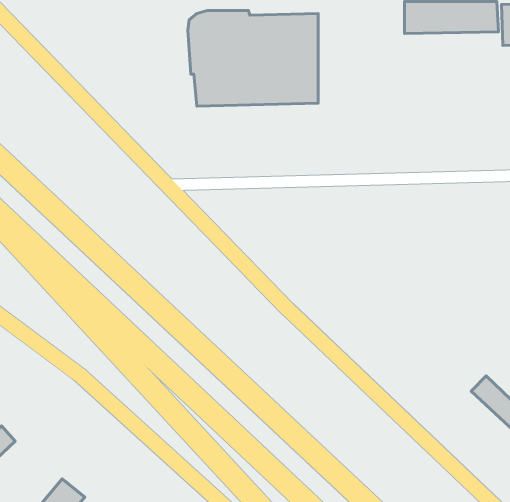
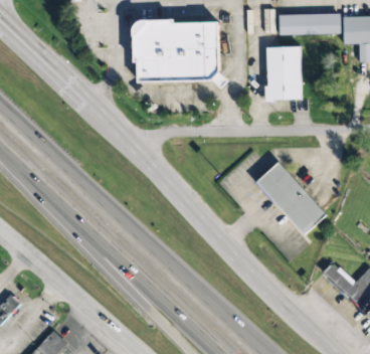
building: none -> [265,45,301,100]
building: none -> [255,161,326,234]

